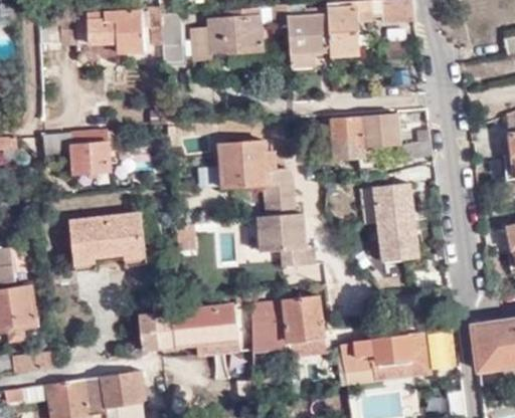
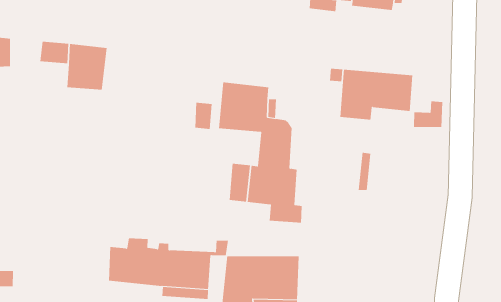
building: [373,184,421,264] -> none
building: [69,209,148,270] -> none

